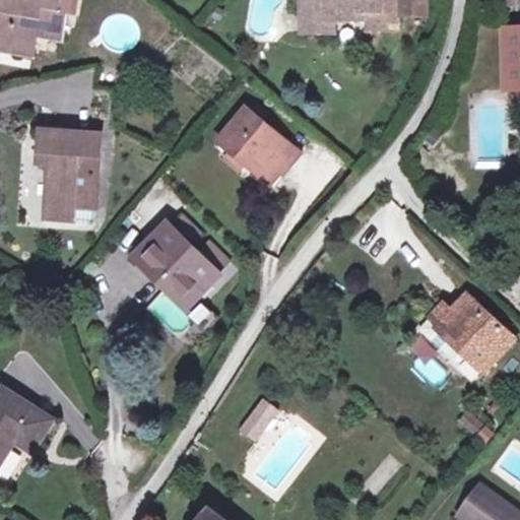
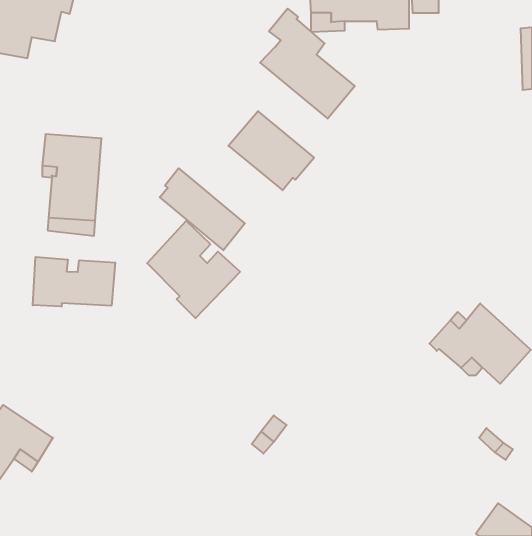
building: none -> [260,9,355,119]
building: none -> [160,168,245,250]
building: none -> [33,257,115,307]

